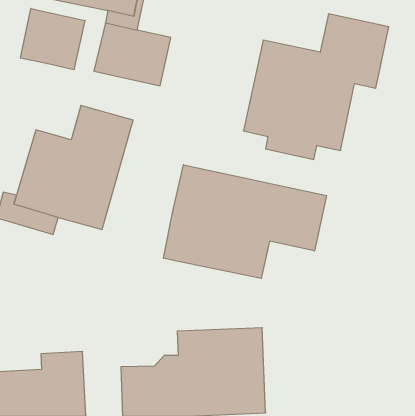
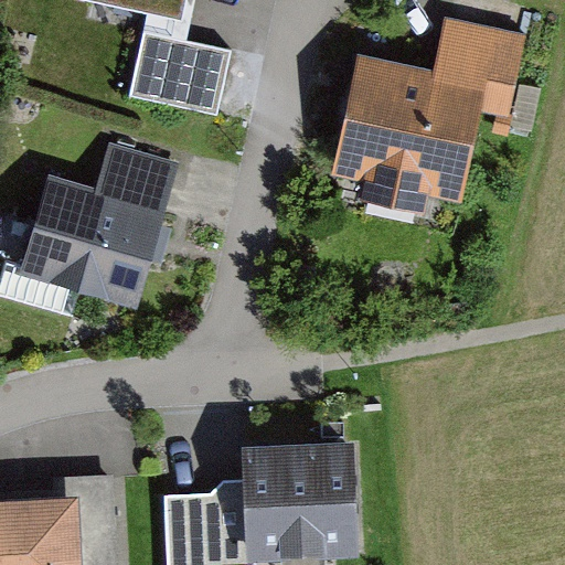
building: [20,8,85,70] -> none
building: [164,165,327,278] -> none

